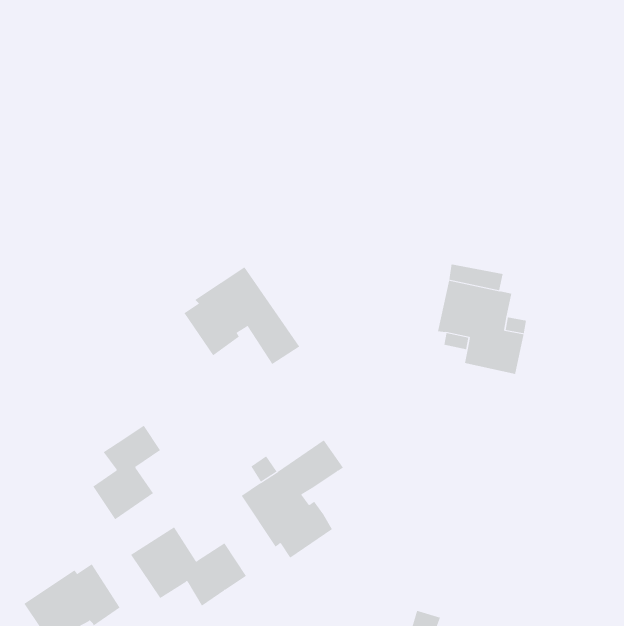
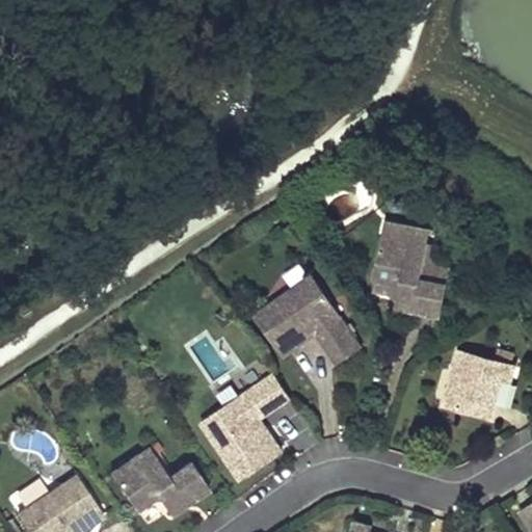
building: [183,267,300,365] -> [257,282,355,365]
building: none -> [448,351,520,421]
building: [92,425,161,520] -> none

